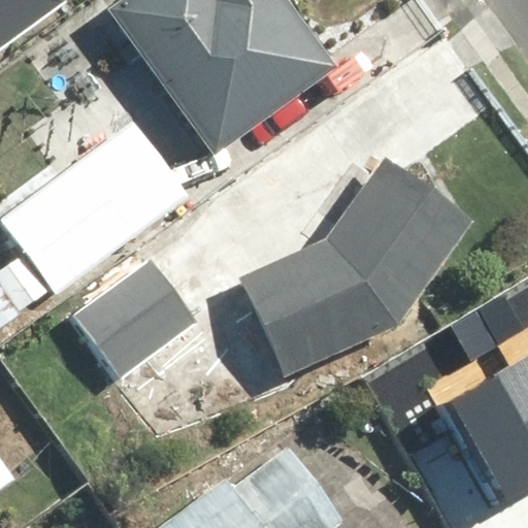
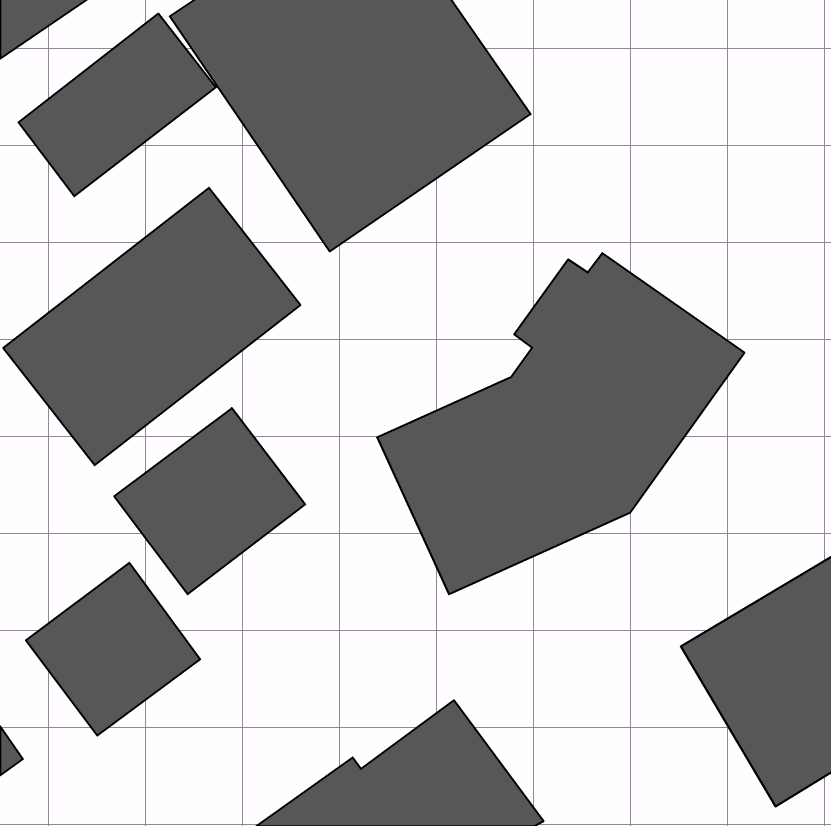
building: none -> [18,14,216,196]
building: none -> [26,563,200,736]

